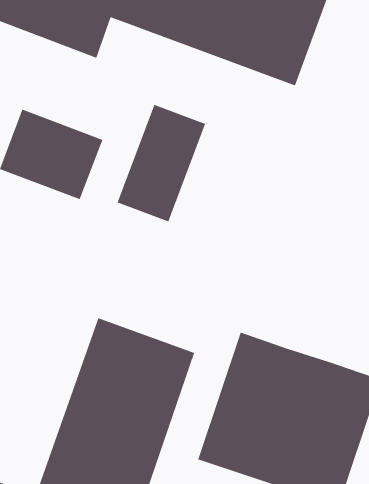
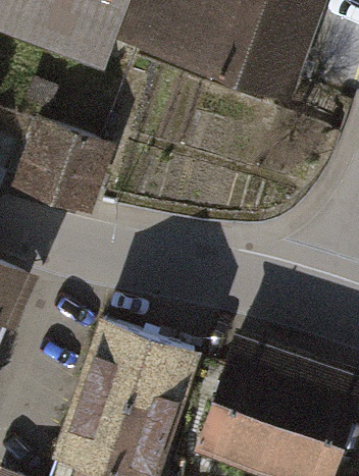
building: [117,104,206,222] -> none

